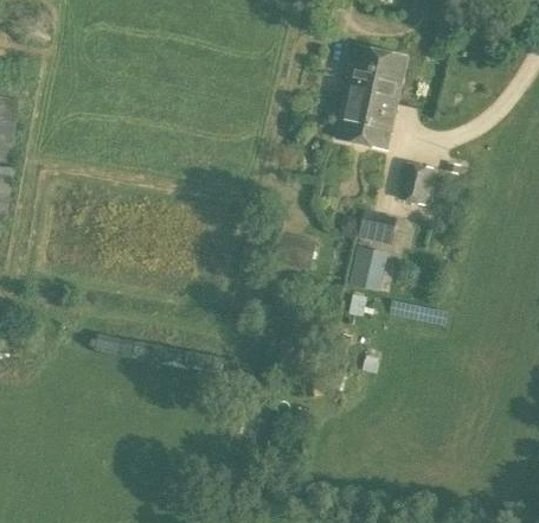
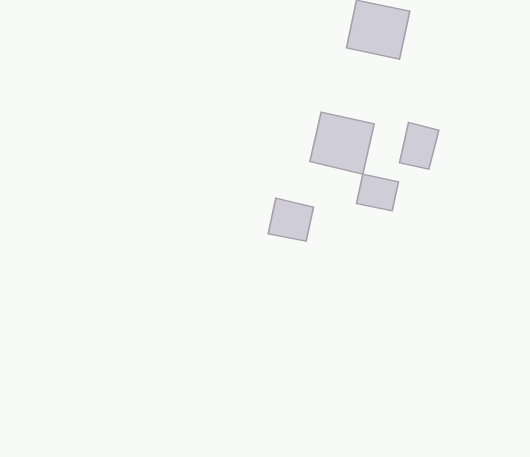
building: [335,91,396,149] -> [310,112,374,174]
building: [349,247,386,291] -> none

